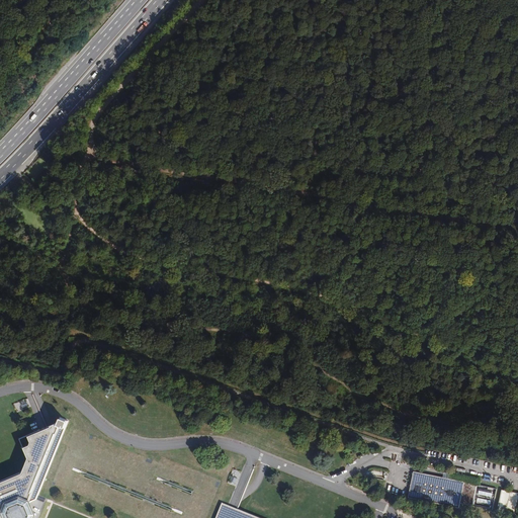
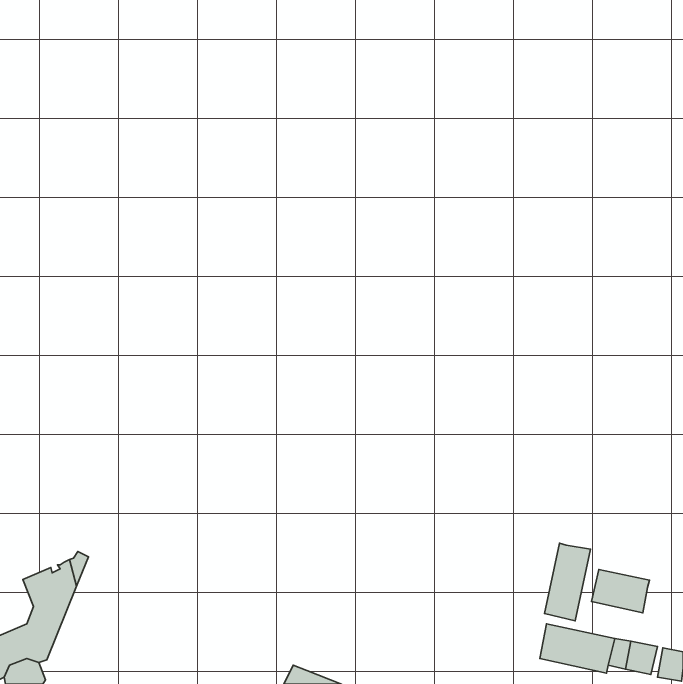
building: none -> [544,543,591,621]
building: none -> [591,570,649,613]

